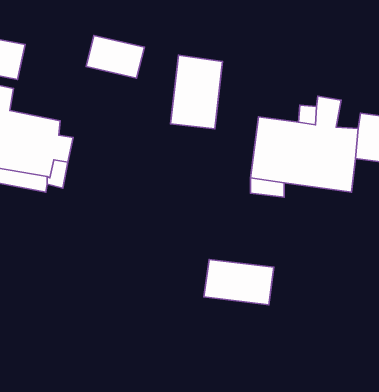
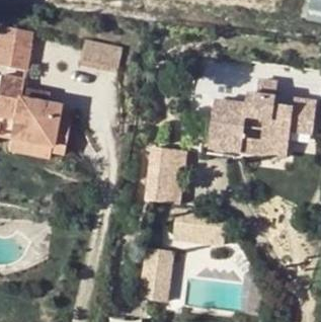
building: [171,55,222,129] -> [145,146,185,204]
building: none -> [139,247,174,302]

